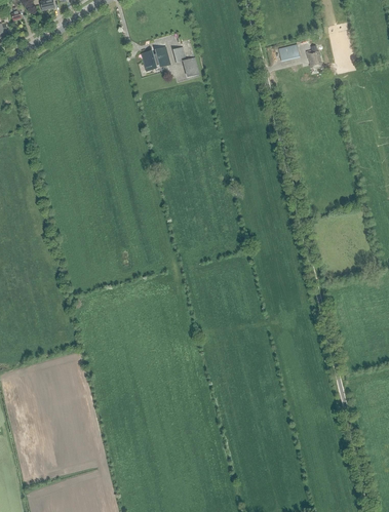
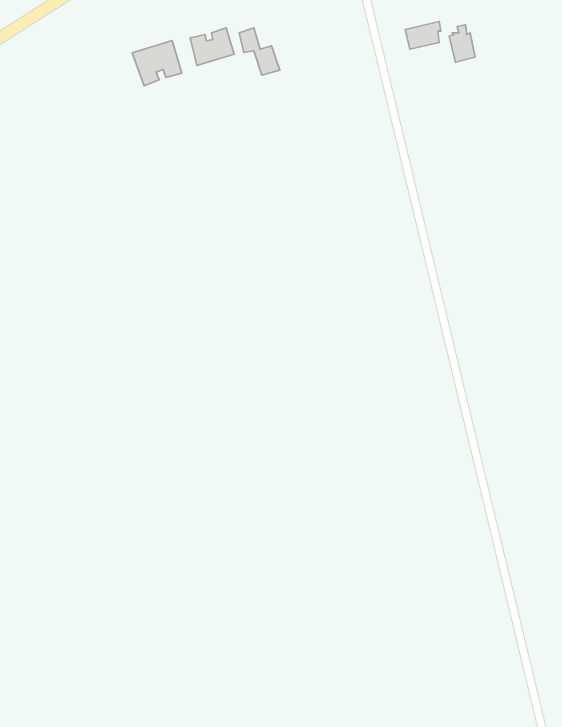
building: none -> [132,41,182,86]

